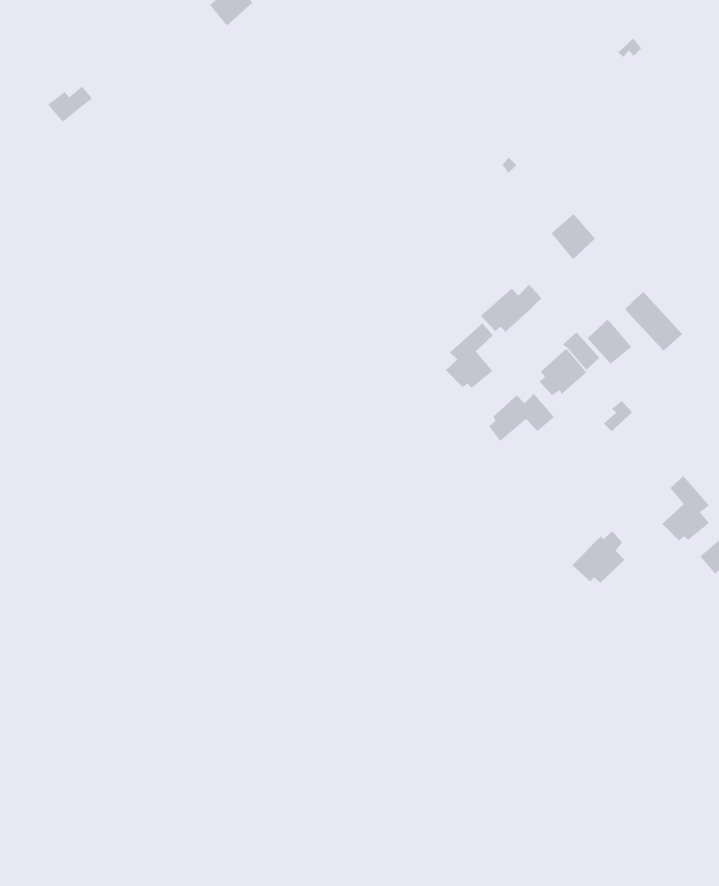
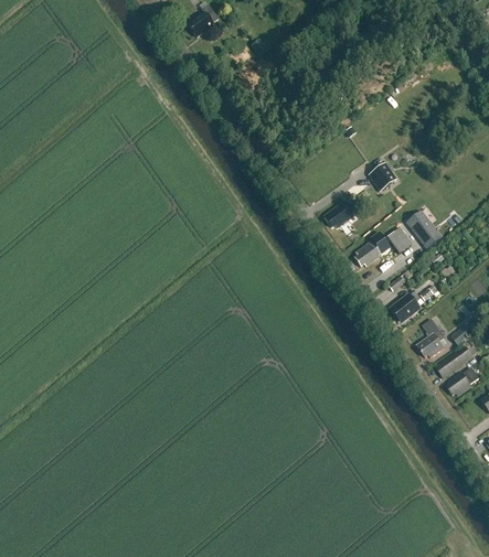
building: [445,323,494,389] -> none
building: [489,393,555,442] -> none
building: [571,530,625,583] -> [390,290,421,320]

